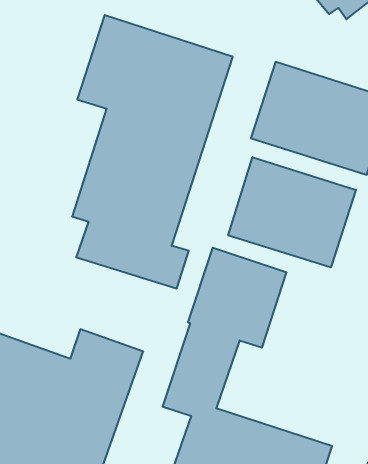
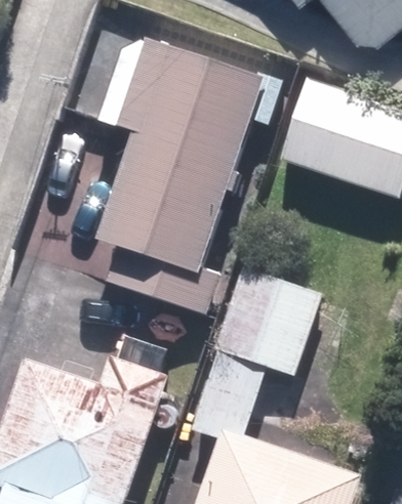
building: [228,157,356,267] -> none

